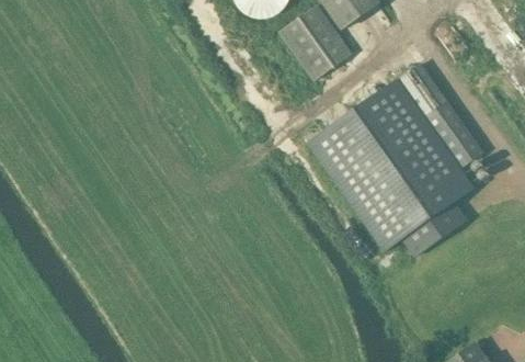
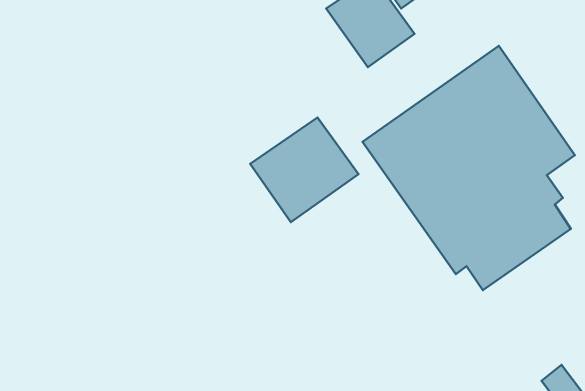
building: none -> [250,117,359,222]

